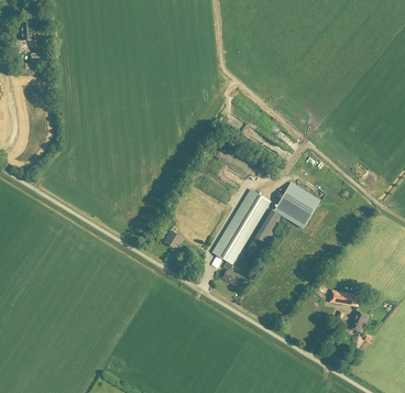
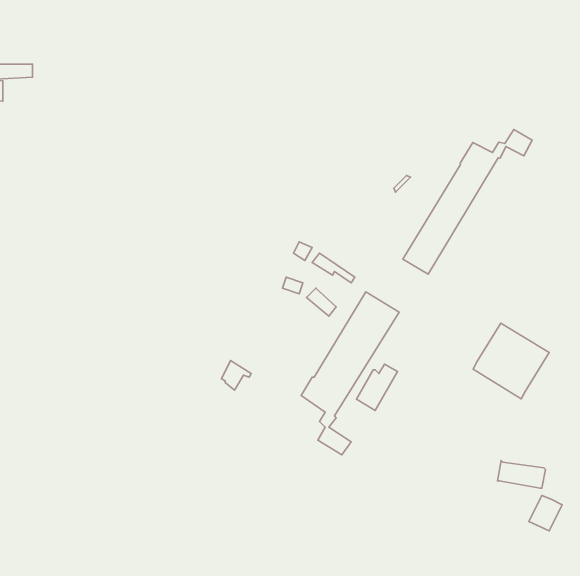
building: none -> [403,129,532,274]
building: [274,182,319,227] -> [473,323,549,399]

